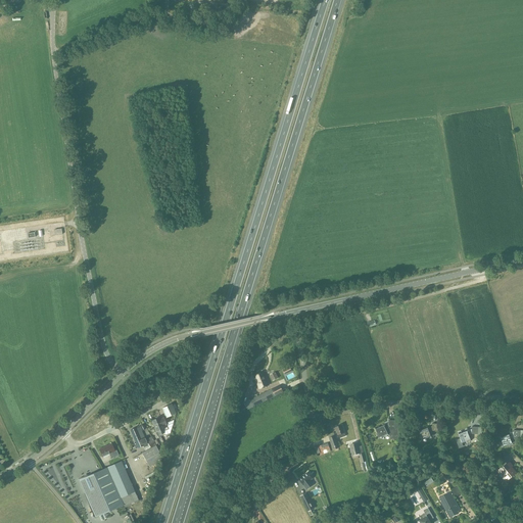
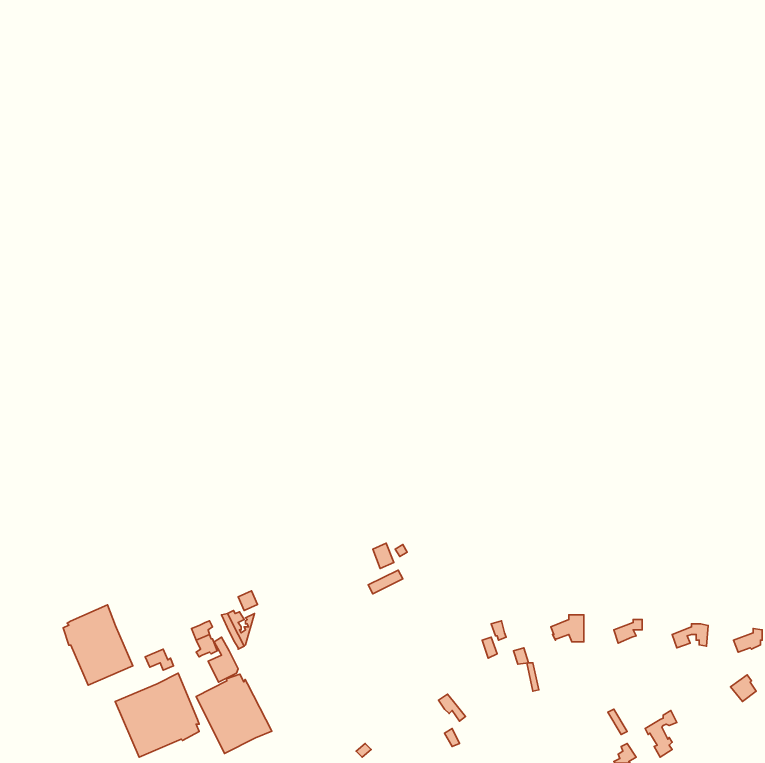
building: none -> [63,605,133,685]
building: none -> [196,674,272,754]

